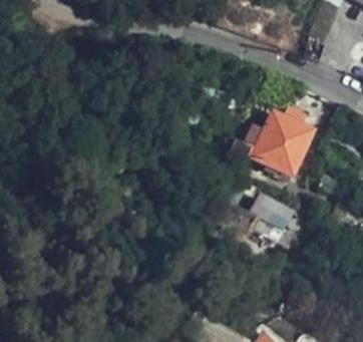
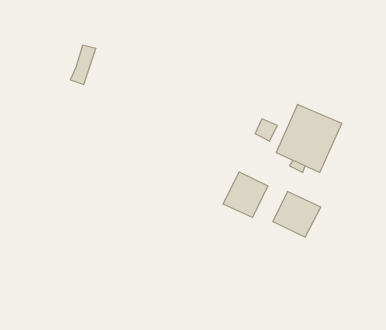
building: none -> [223,172,268,217]

